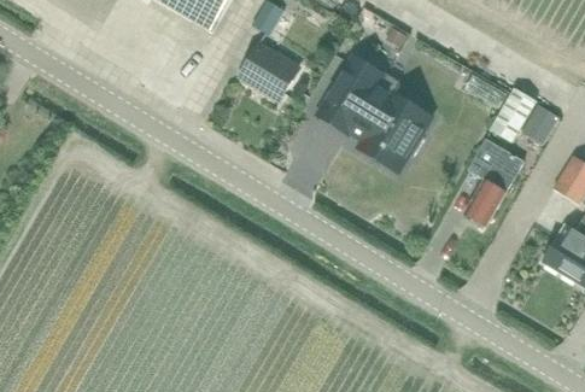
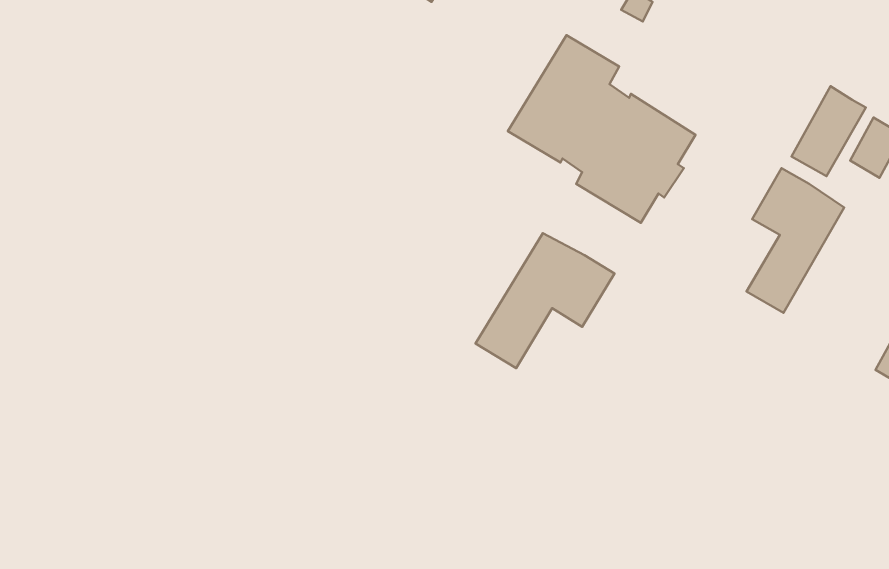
building: [239,40,299,94] -> none
building: none -> [475,233,615,368]

